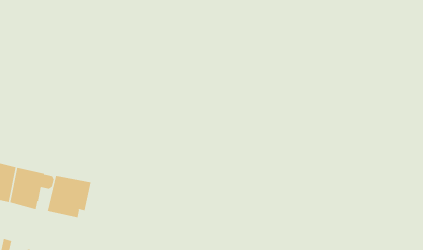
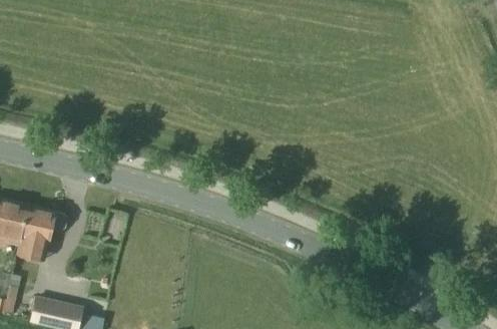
building: [47,175,91,218] -> none

